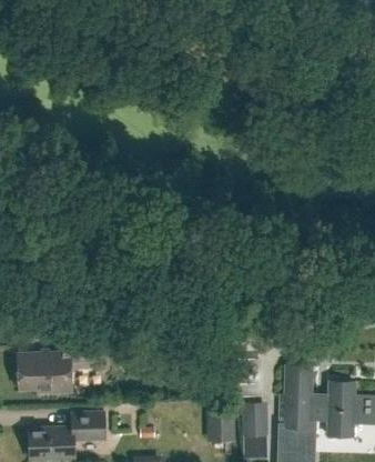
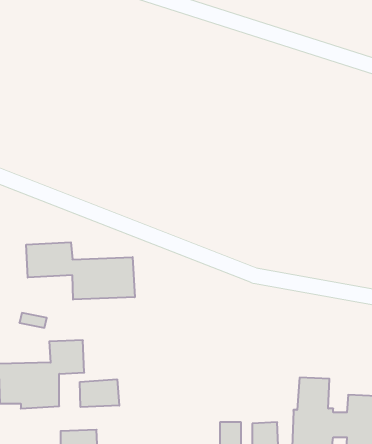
building: none -> [26,242,135,300]
building: none -> [80,379,119,407]

